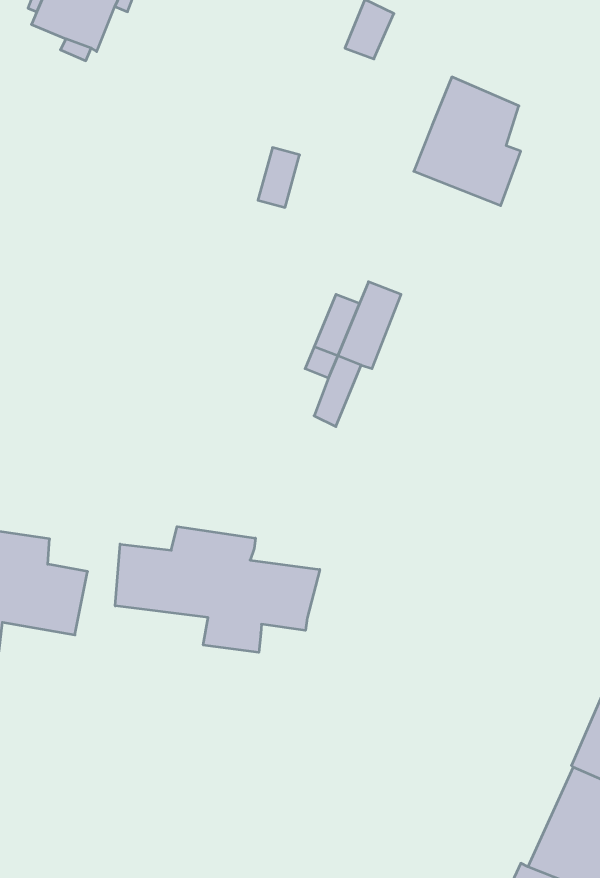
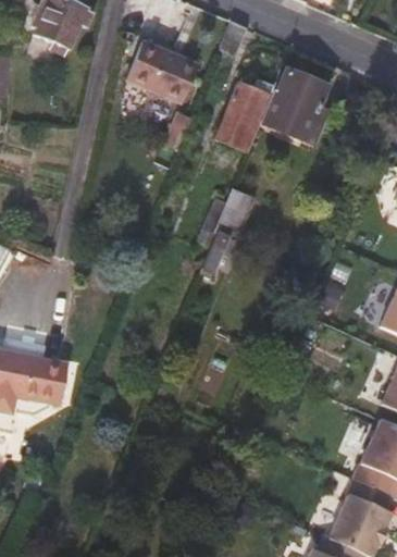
building: none -> [129,41,198,100]
building: none -> [213,81,272,153]
building: [115,527,320,652] -> none

